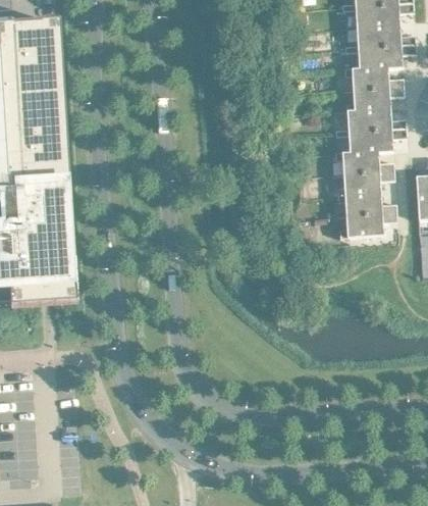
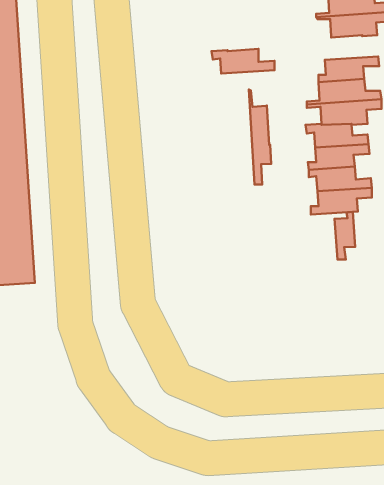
building: [343,65,404,89] -> [212,49,275,74]
building: none -> [249,90,271,185]
building: none -> [335,212,355,260]

